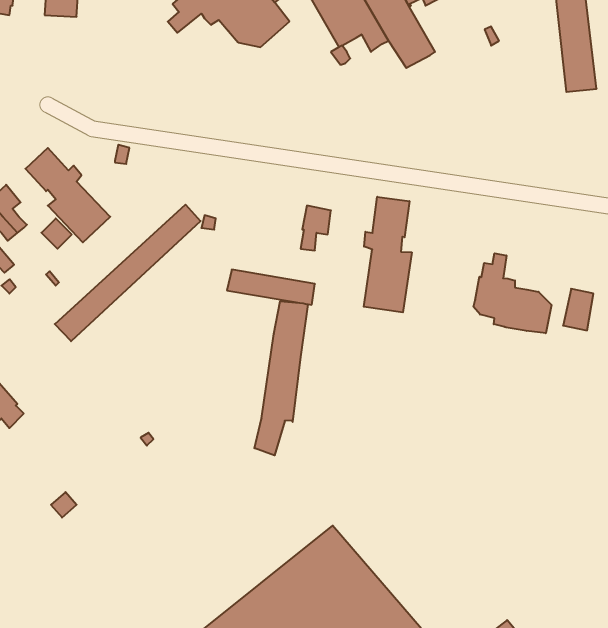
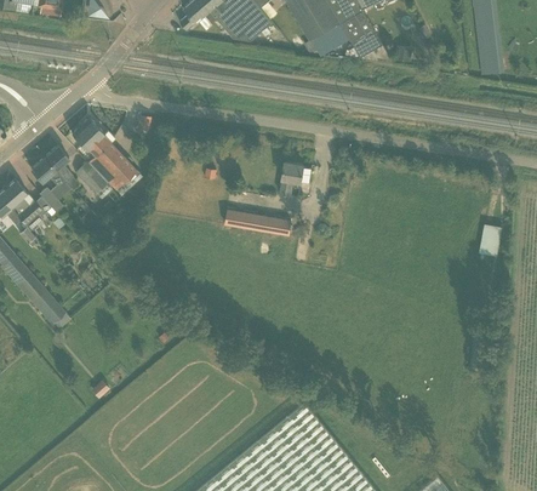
building: [364,197,412,312] -> none
building: [55,205,201,341] -> none
building: [474,253,551,333] -> none
building: [254,301,308,455] -> none

